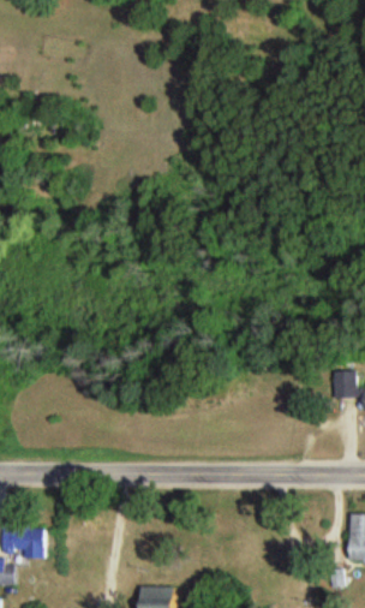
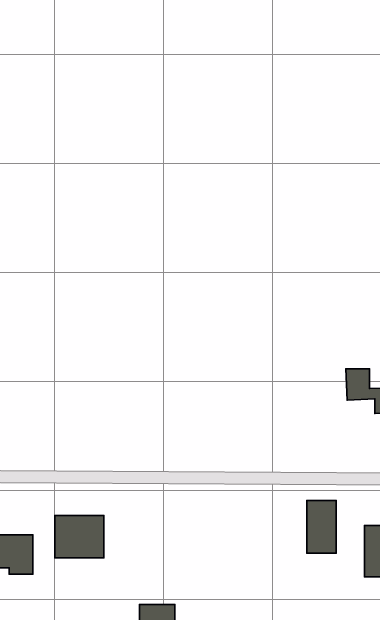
building: none -> [307,501,336,553]
building: none -> [55,516,104,558]

